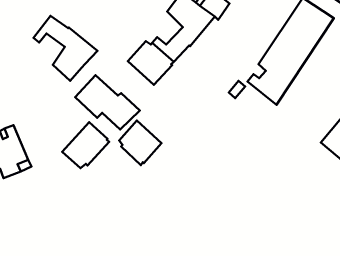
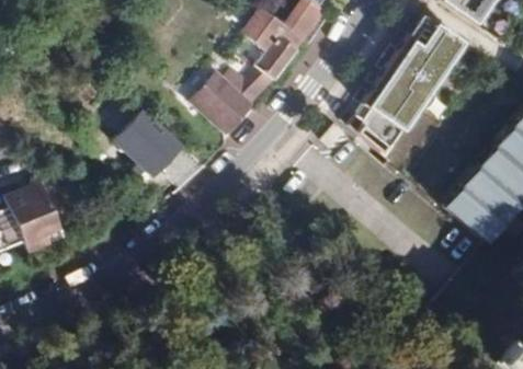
building: [33,16,97,81] -> none
building: [119,121,162,165] -> none
building: [62,122,109,168] -> none

